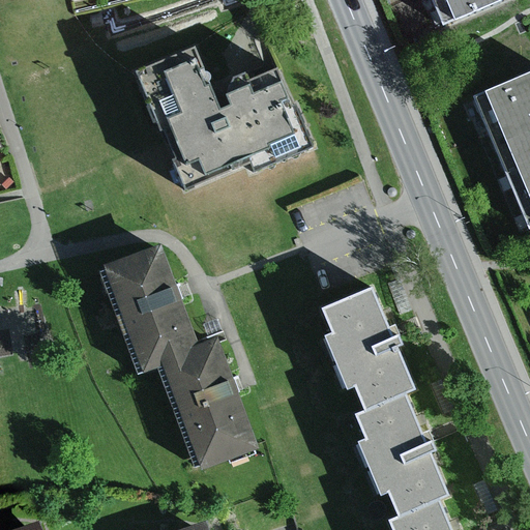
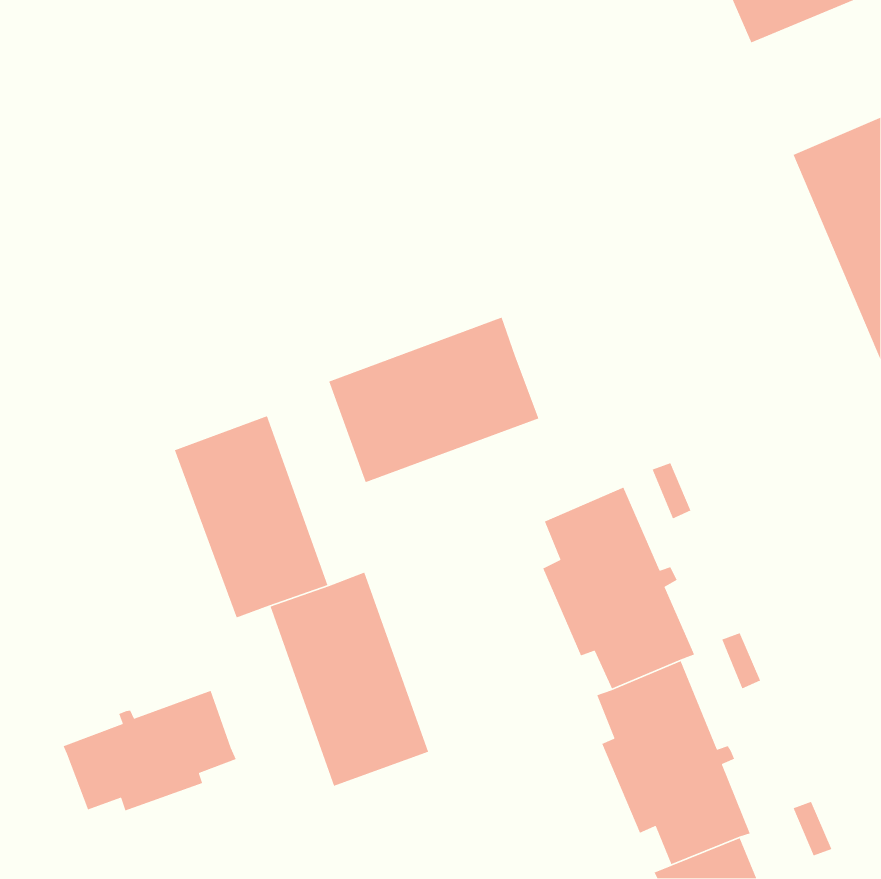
building: [136,43,311,181] -> none
building: none -> [328,317,539,483]
building: none -> [62,690,237,812]

